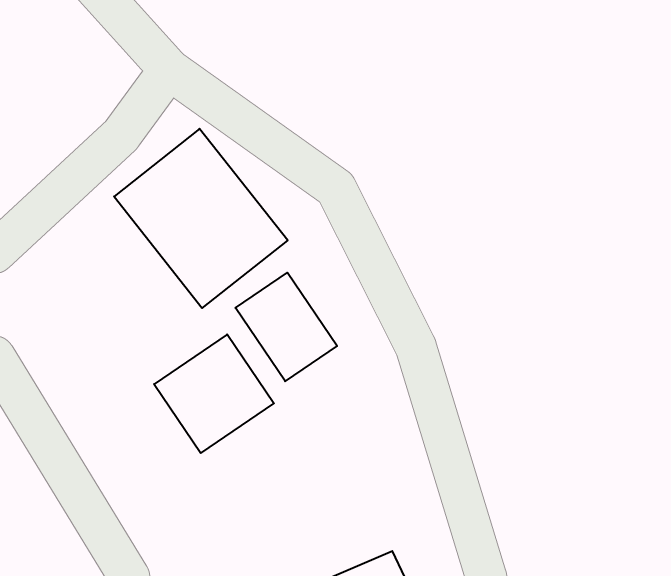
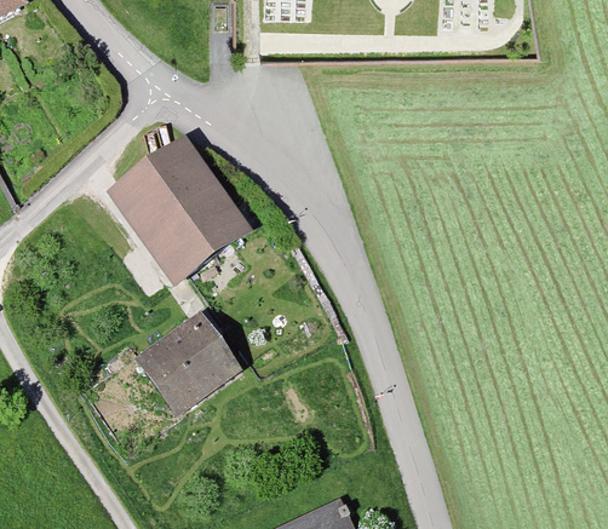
building: [235,273,337,381] -> none

